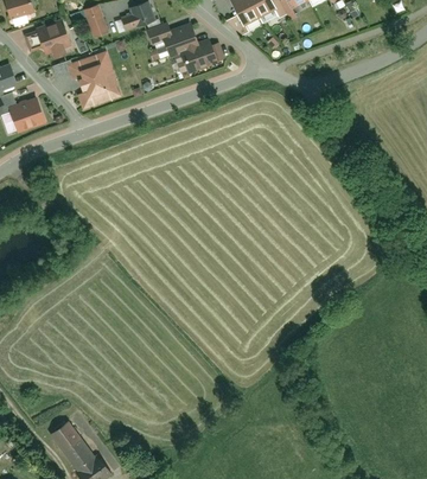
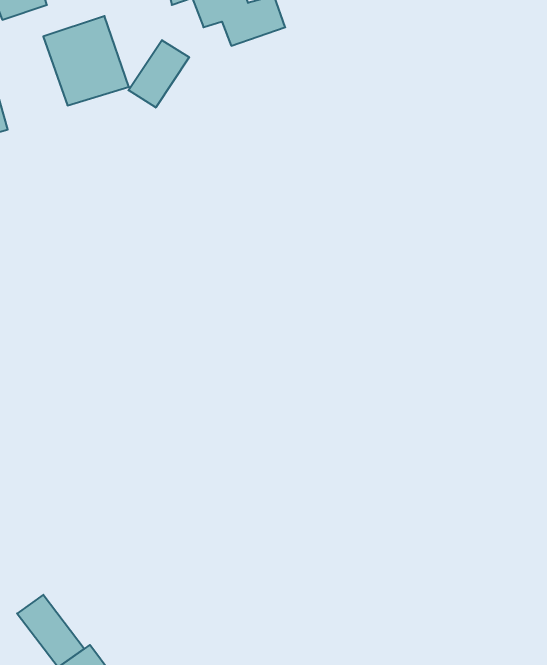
building: none -> [128,40,189,108]

